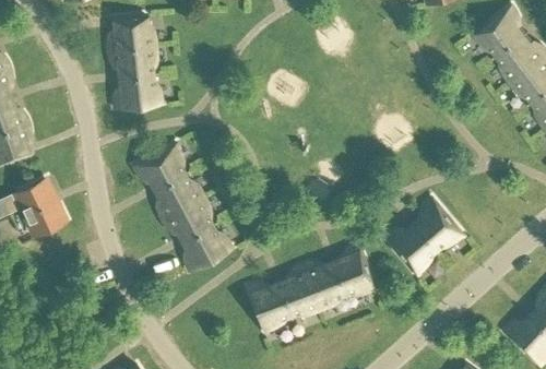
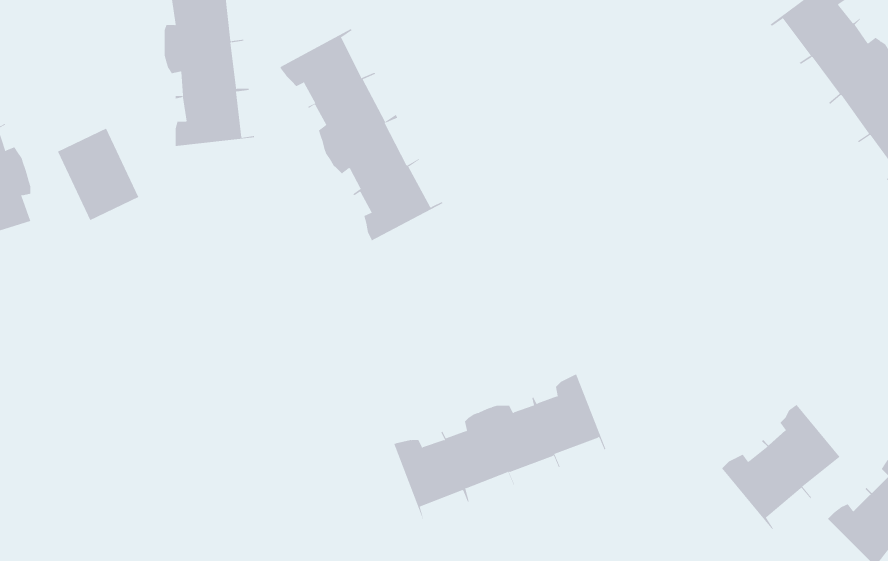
building: [135,144,234,272] -> [280,28,444,241]
building: [15,180,64,236] -> [57,128,139,221]
building: [388,201,464,277] -> [721,403,849,530]

